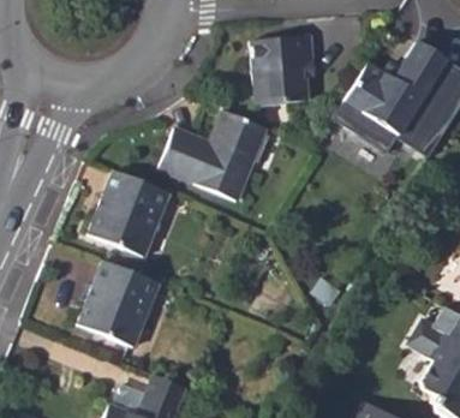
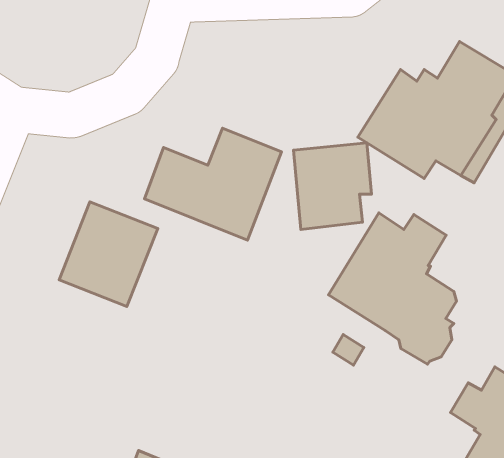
building: [252,34,316,105] -> [293,143,371,230]
building: none -> [328,213,457,364]
building: [79,259,160,347] -> none

